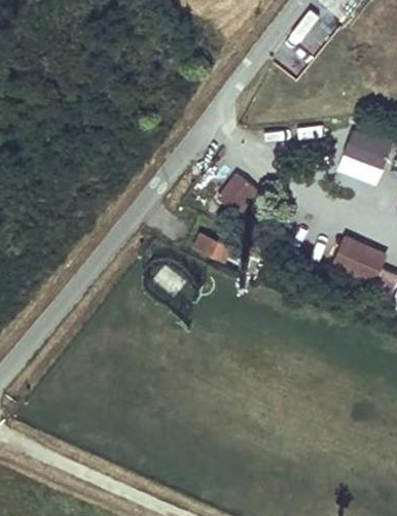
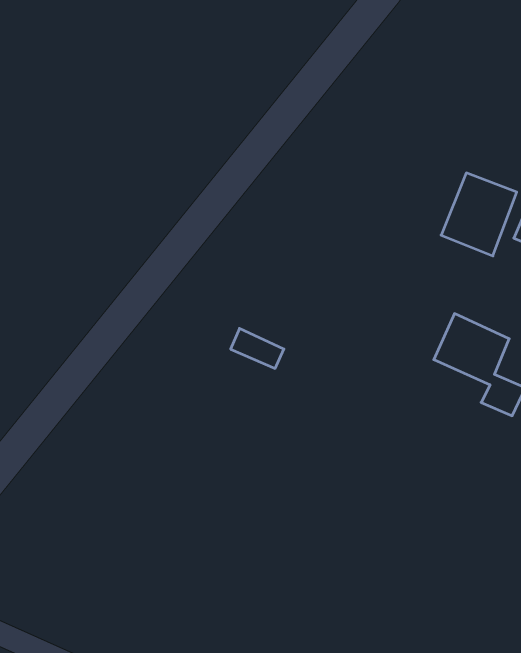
building: [216,173,258,214] -> none

